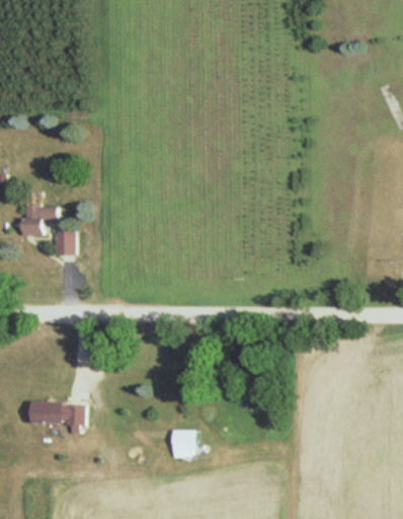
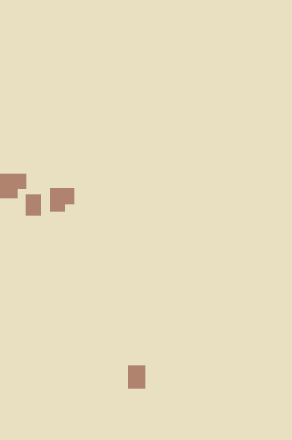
building: none -> [50,187,75,213]
building: [29,403,85,425] -> none

